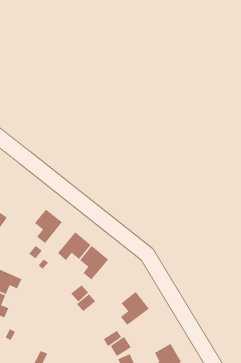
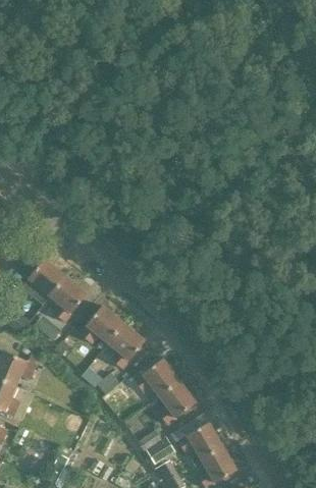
building: none -> [21,259,65,305]
building: none -> [134,359,178,396]
building: none -> [176,423,222,458]

